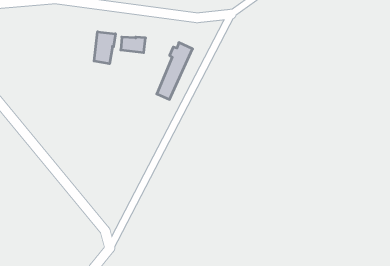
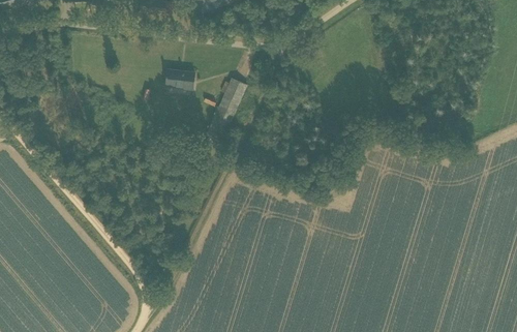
building: [94,32,115,64] -> none

